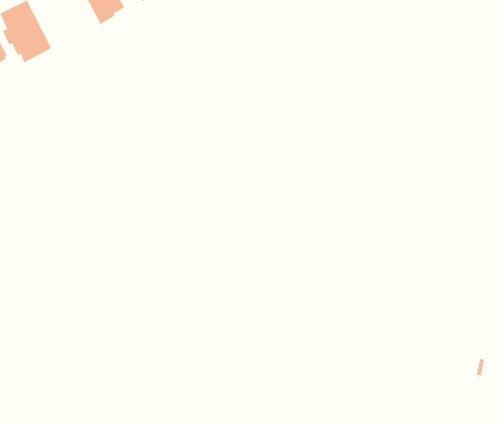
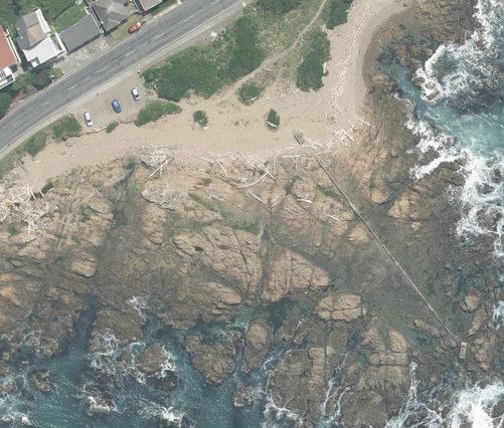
building: none -> [58,13,101,50]

